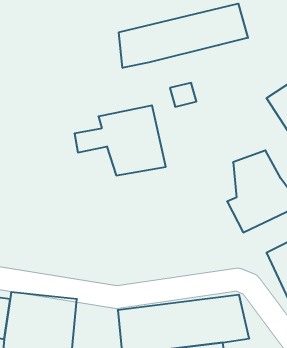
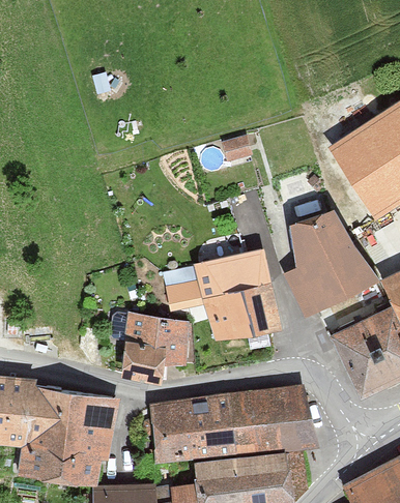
building: [119,4,248,68] -> none
building: [74,105,166,175] -> [168,253,279,337]
building: none -> [109,308,183,380]

